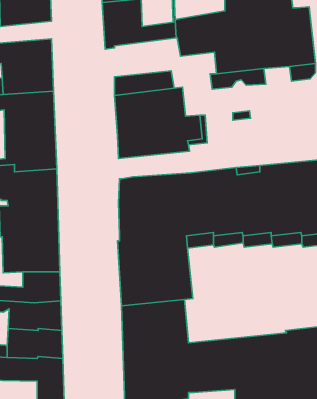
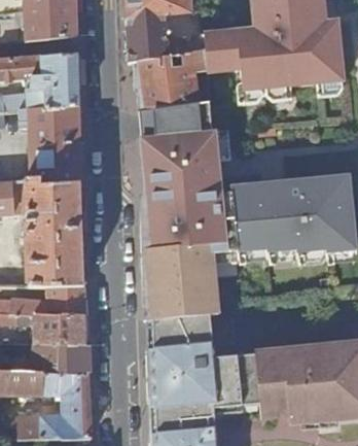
building: none -> [139,52,205,91]
building: none -> [143,165,215,193]

